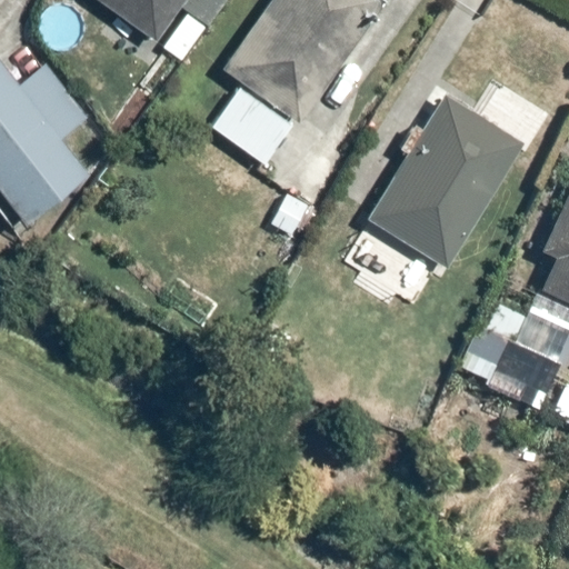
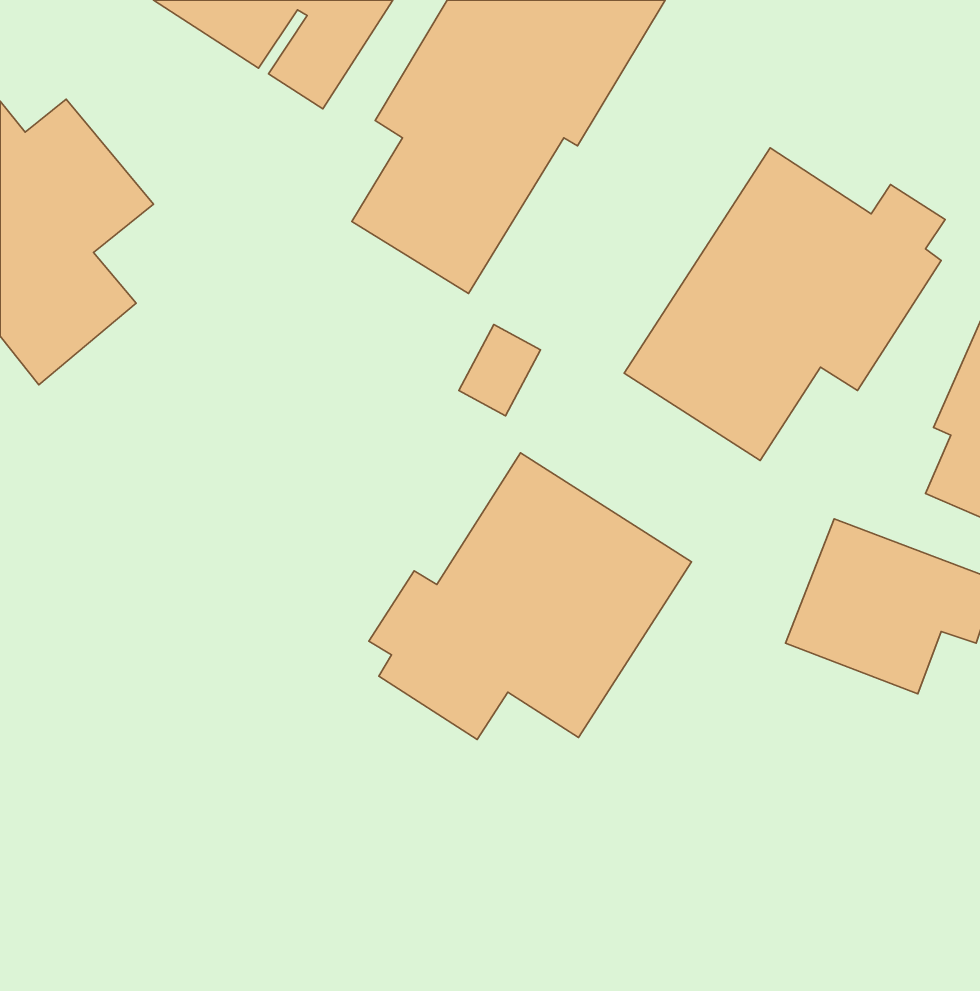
building: none -> [369,453,692,740]

